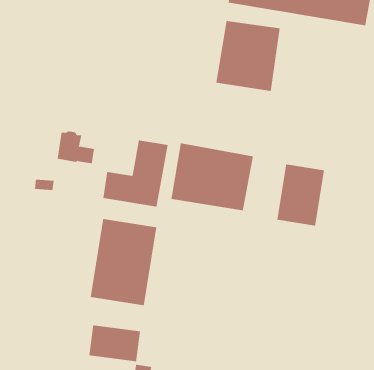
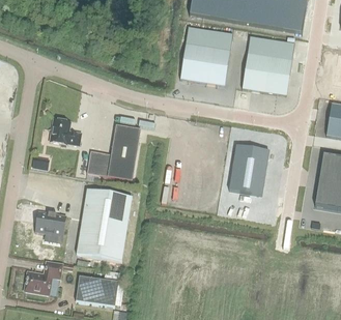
building: none -> [241,36,294,94]
building: [171,142,253,211] -> none
building: none -> [34,210,66,235]
building: none -> [25,260,62,293]

